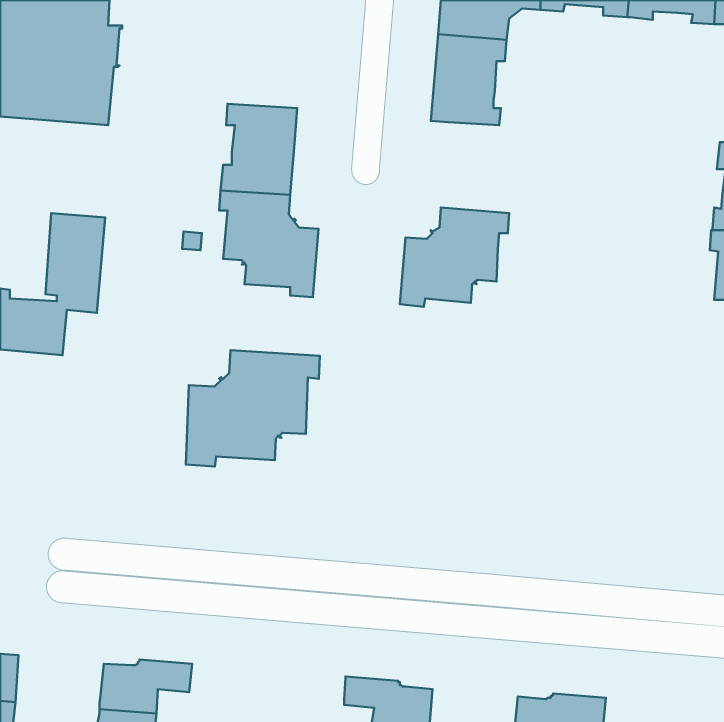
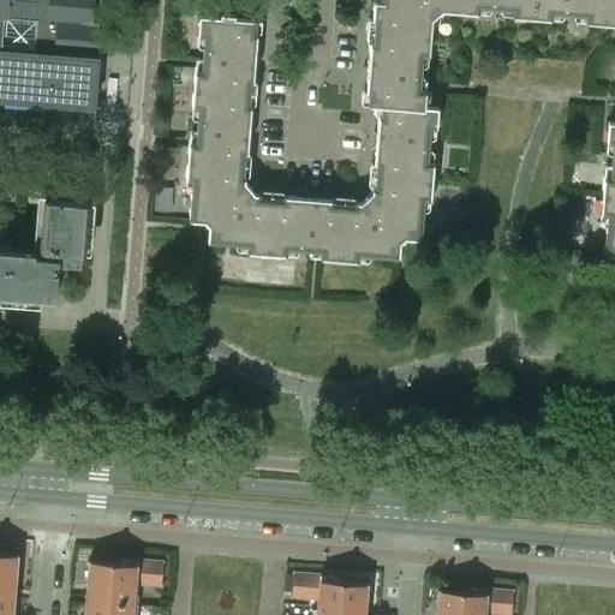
building: none -> [195,17,258,95]
building: none -> [375,107,438,184]
building: none -> [267,197,345,261]
building: [186,350,320,466] -> none

